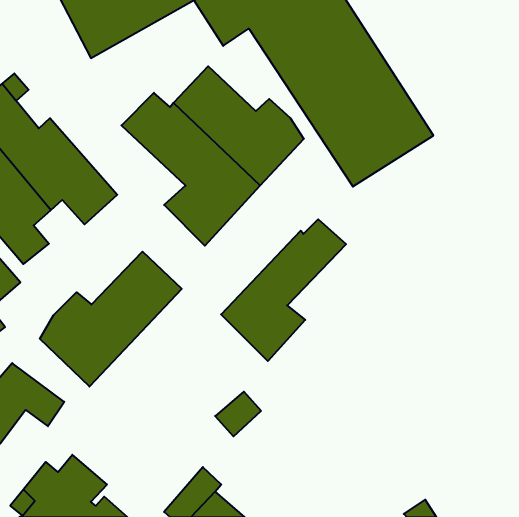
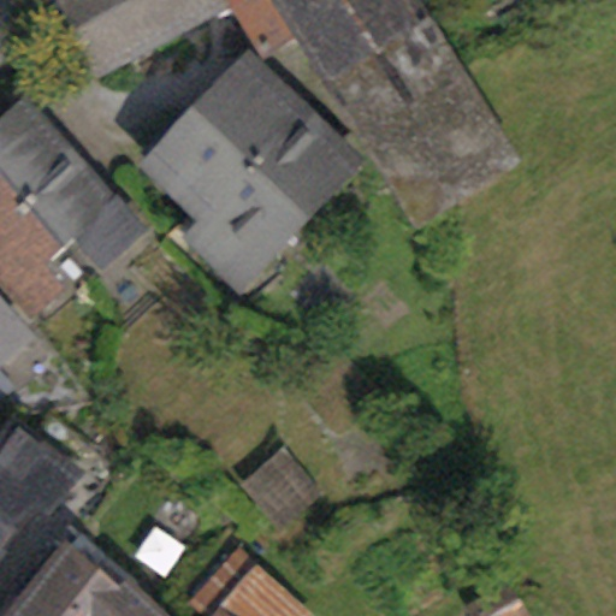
building: [221,219,346,361] -> none
building: [40,252,182,387] -> none

